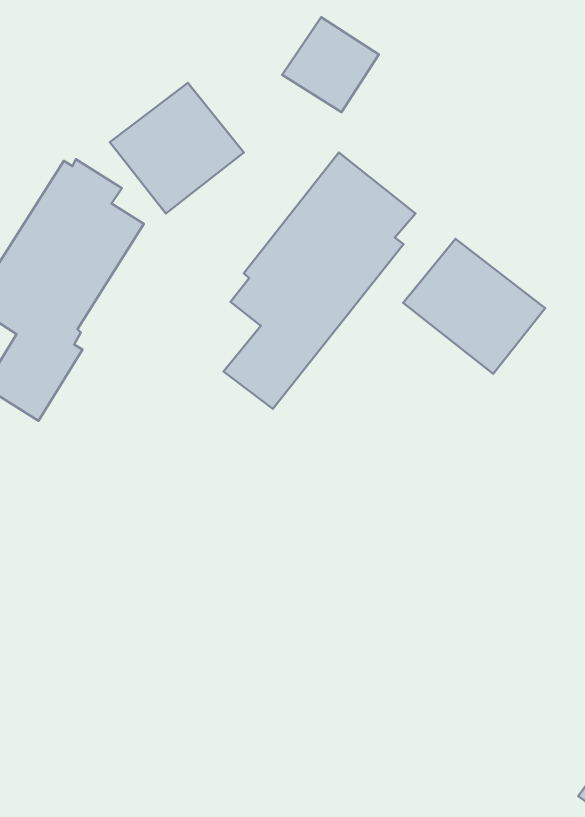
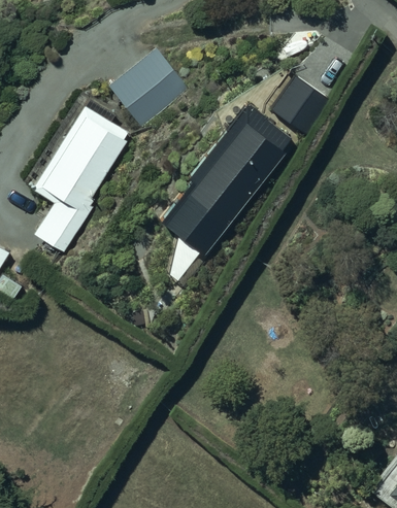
building: [282,17,379,112] -> [271,75,330,133]
building: [403,239,545,374] -> none

